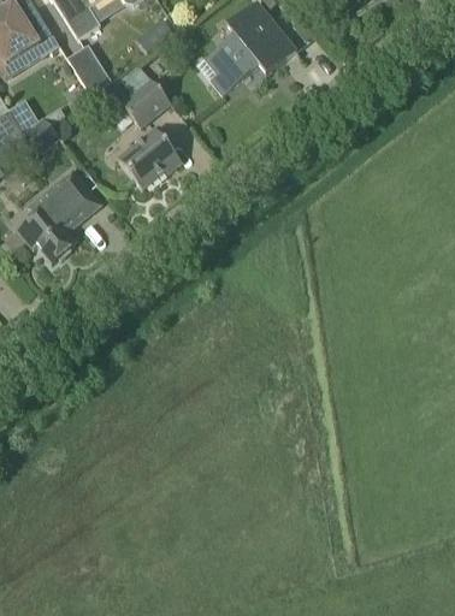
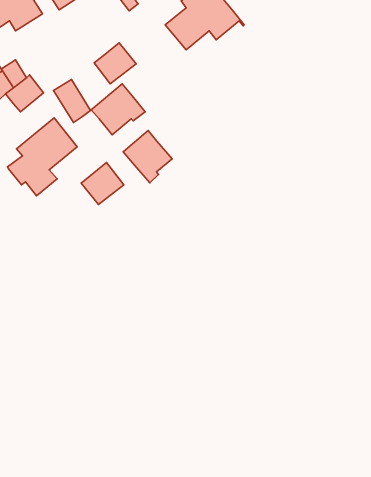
building: [66,45,111,96] -> [53,79,90,122]
building: none -> [123,131,172,183]
building: none -> [81,162,124,205]

